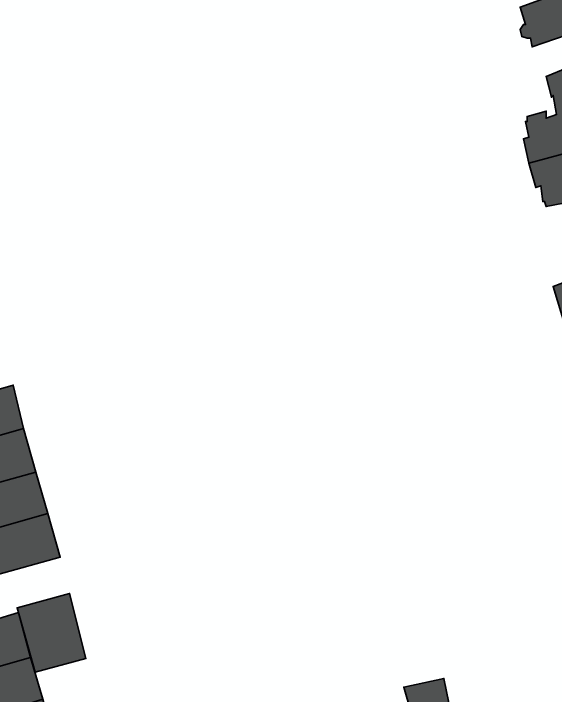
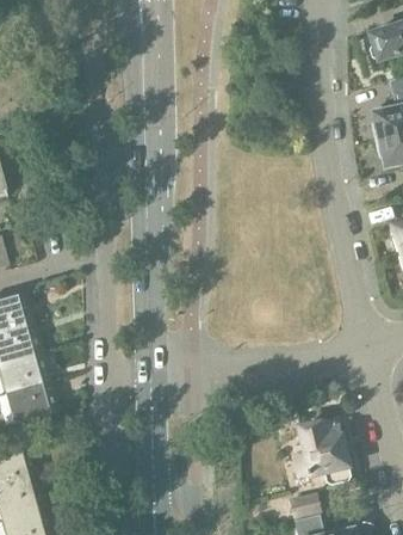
building: none -> [296,418,352,484]
building: [17,593,86,672] -> none

